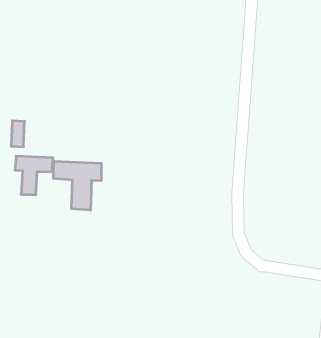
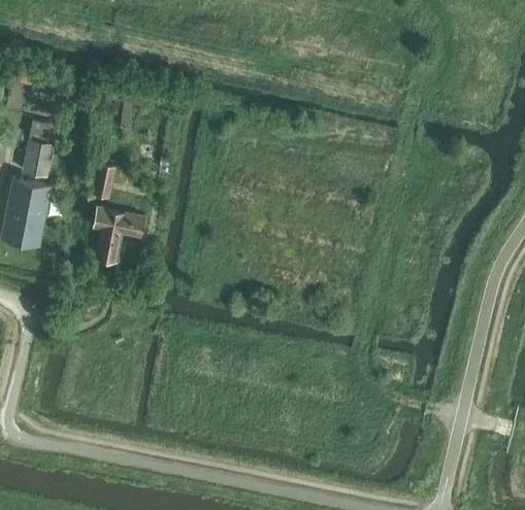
building: [54,161,101,210] -> none

